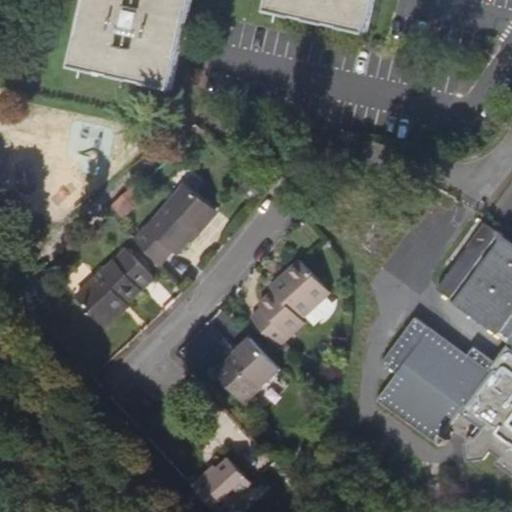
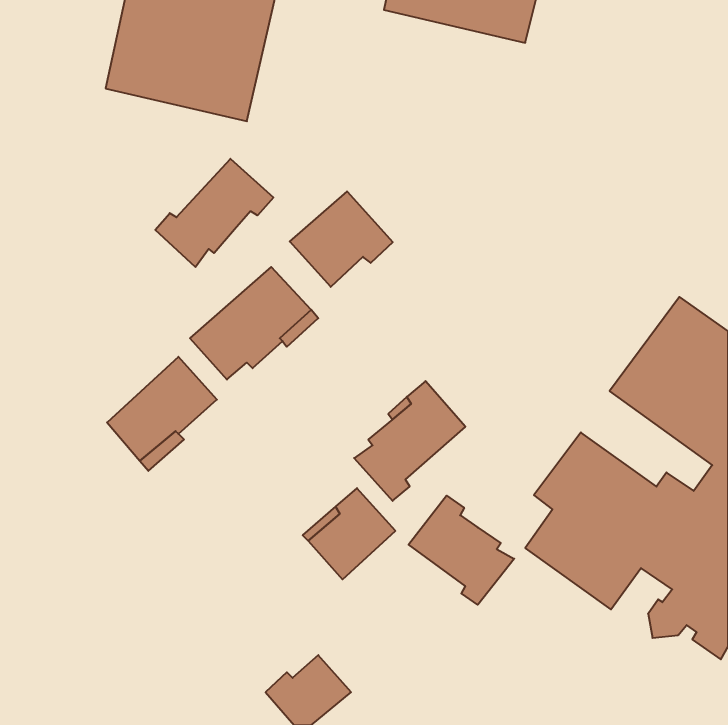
building: none -> [155,159,273,267]
building: none -> [290,191,393,287]
building: none -> [409,496,514,605]

